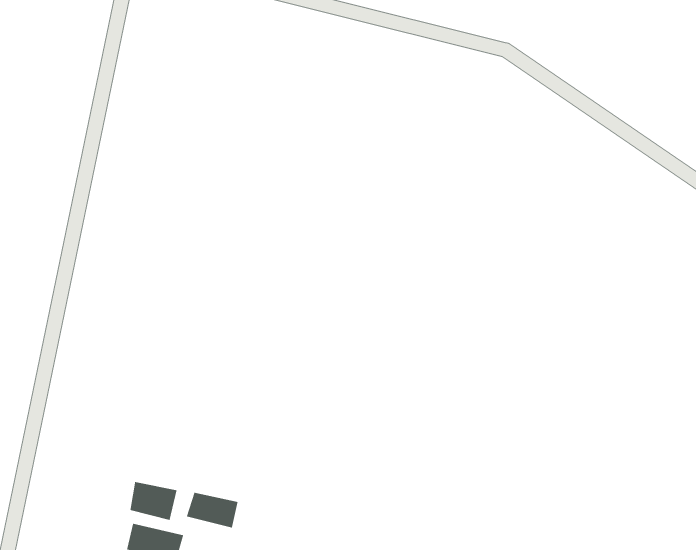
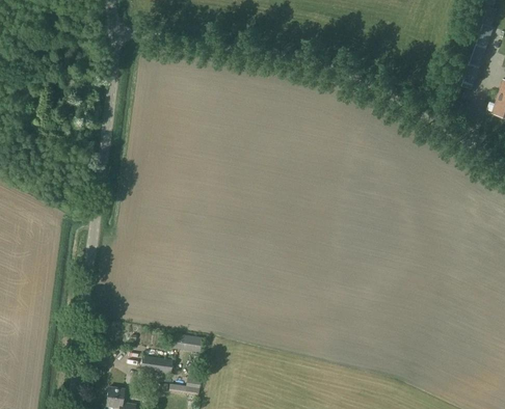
building: [129,481,177,521] -> none

